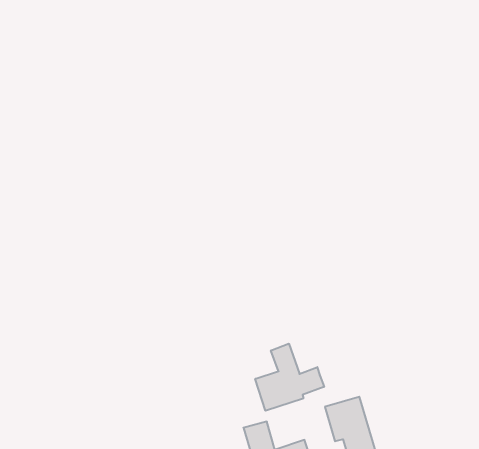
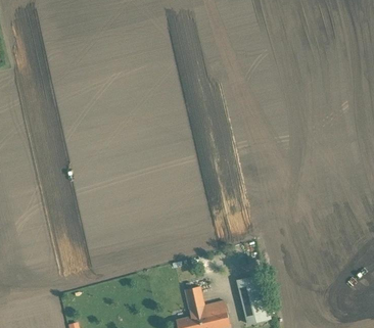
building: [255,344,324,411] -> none

